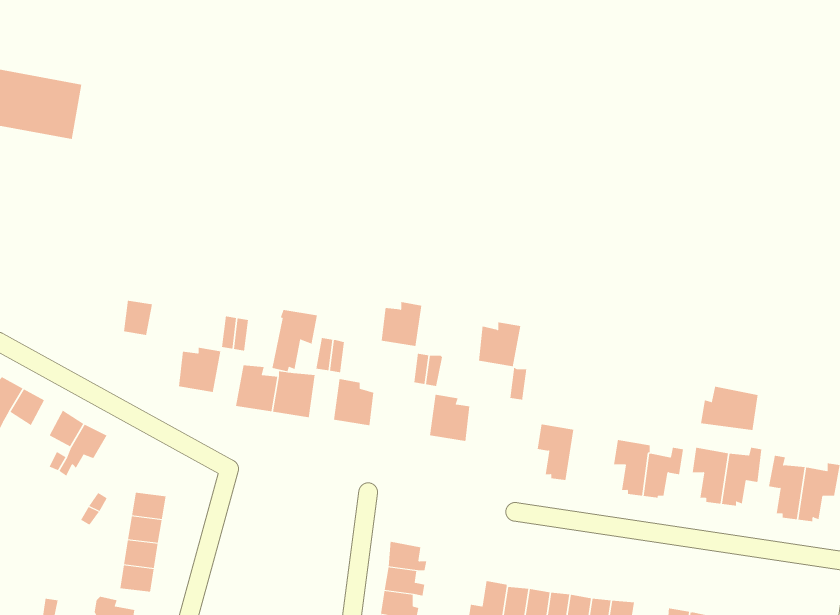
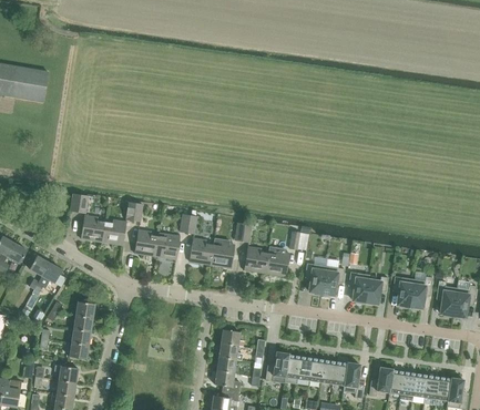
building: [381,301,422,347] -> [211,242,234,267]
building: [272,309,317,372] -> none
building: [478,322,521,367] -> [265,250,289,276]
building: none -> [81,215,104,242]
building: [701,386,758,431] -> none
building: none -> [321,266,345,297]

